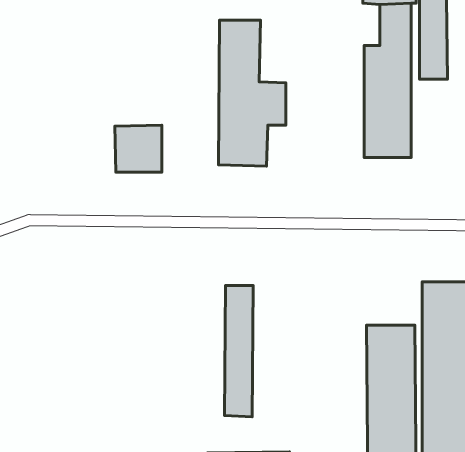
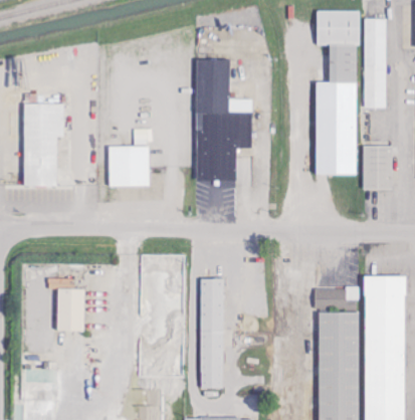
building: none -> [24,103,64,186]
building: none -> [361,145,391,188]
building: none -> [57,288,84,332]

